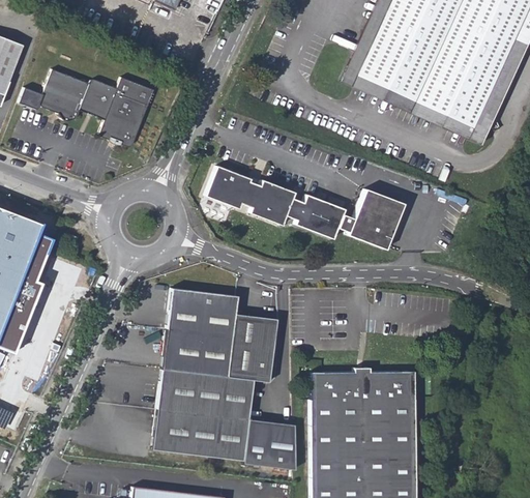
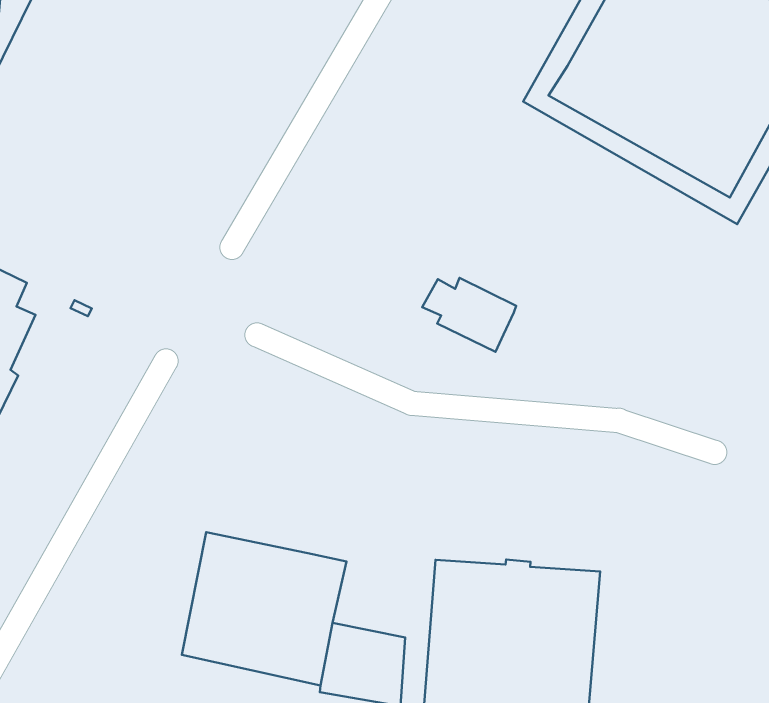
building: [18,68,154,147] -> none
building: [207,165,297,226] -> none
building: [341,187,406,250] -> none
building: [165,288,279,382] -> none

